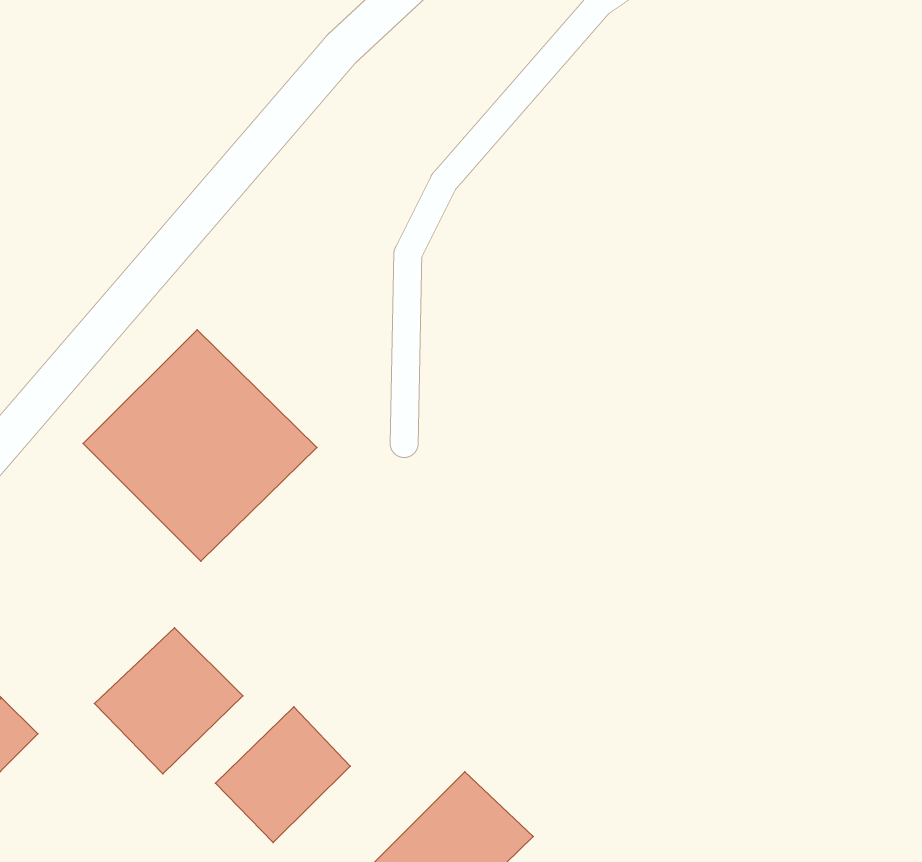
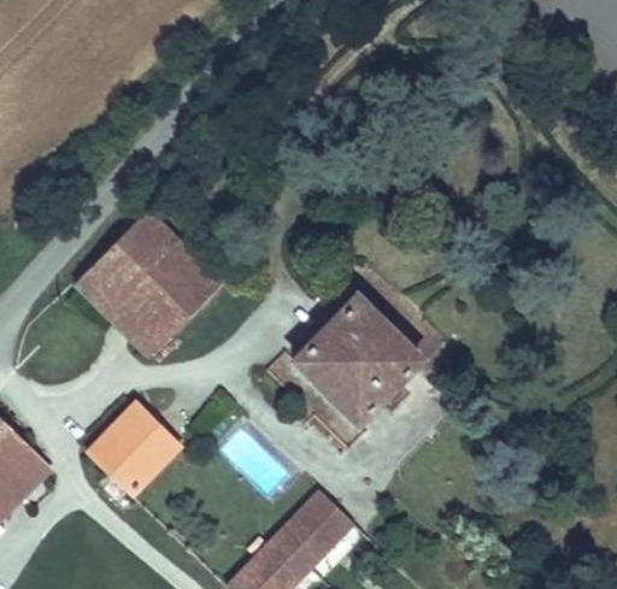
building: none -> [290,296,416,422]
building: [215,707,350,842] -> none

